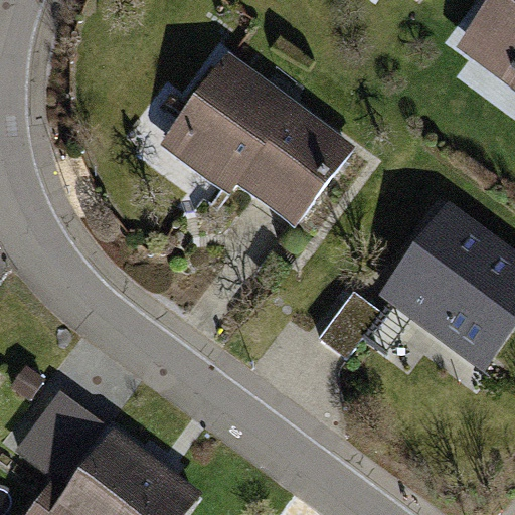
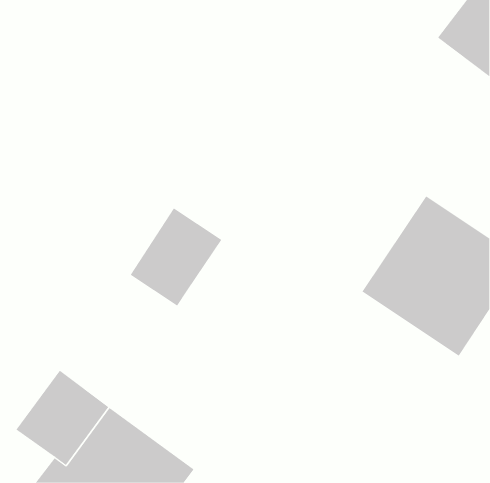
building: [163,57,352,236] -> none
building: none -> [130,208,222,307]

